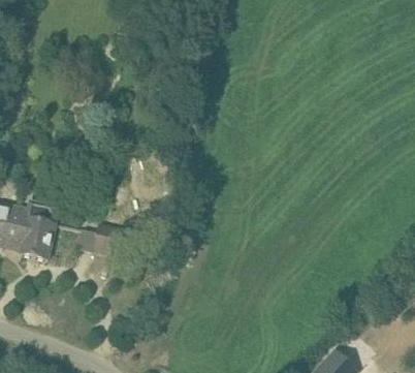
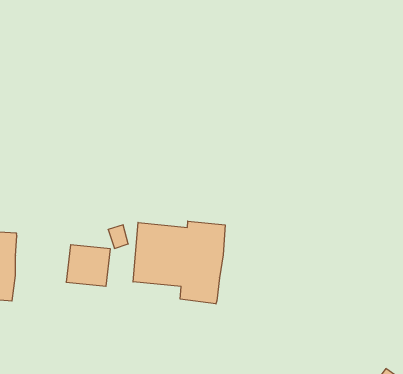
building: none -> [133,221,225,304]

